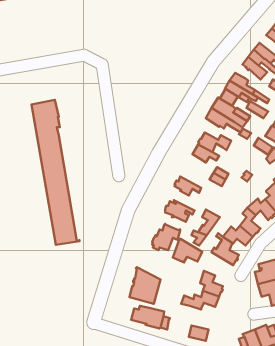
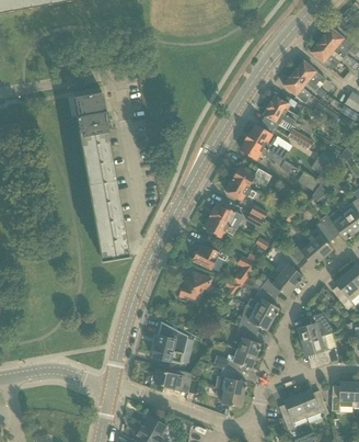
building: [31,100,80,245] -> [74,91,130,260]
building: none -> [210,203,243,229]
building: [173,239,202,262] -> [239,304,273,331]
building: none -> [216,366,246,394]

